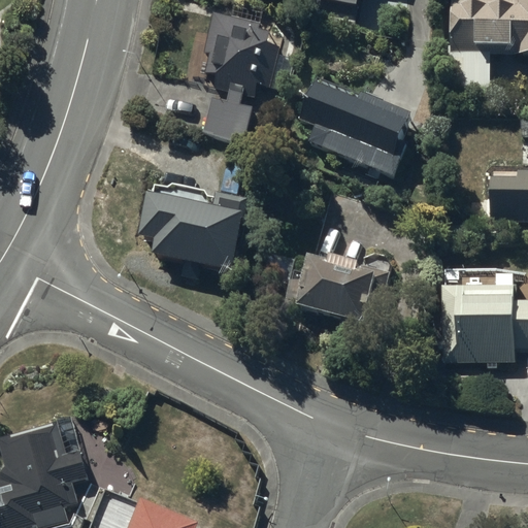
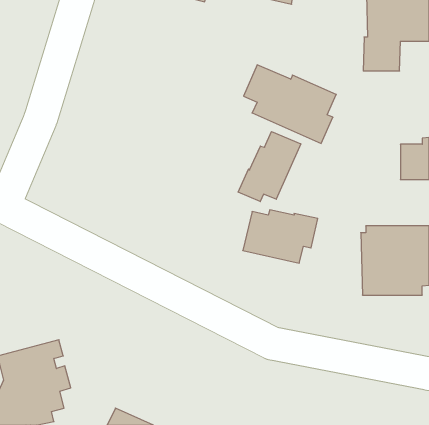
building: [200,8,280,141] -> none
building: none -> [238,132,301,202]
building: [139,183,251,271] -> none

